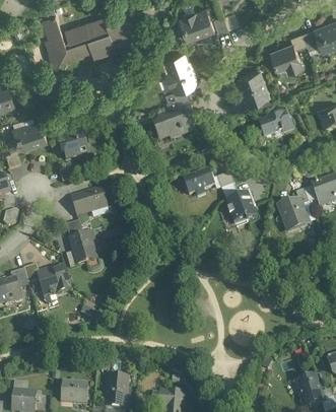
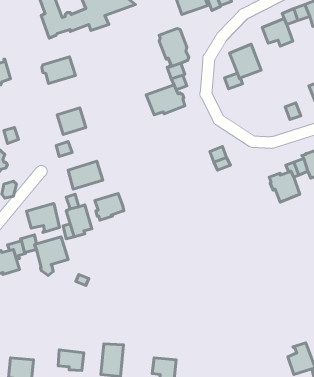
building: [258,111,292,136] -> none
building: [12,120,47,147] -> [42,57,75,84]
building: [182,168,214,195] -> none
building: [229,192,257,222] -> none
building: none -> [95,193,124,220]
building: none -> [26,203,60,233]

